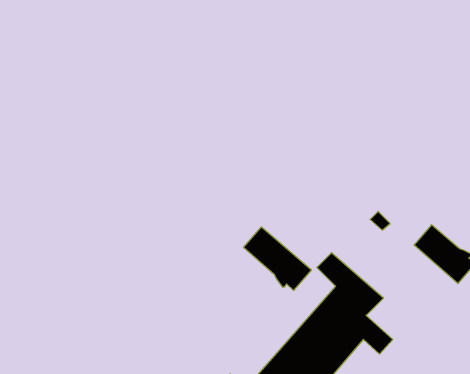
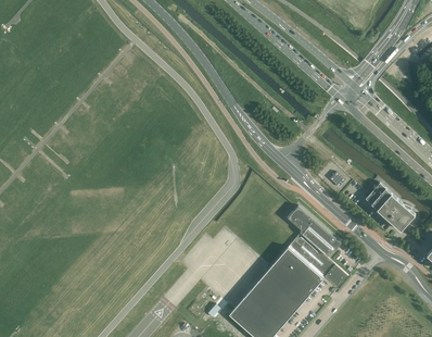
building: [244,227,311,290] -> none

